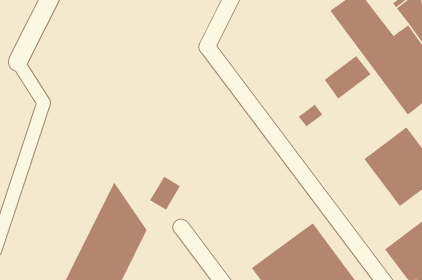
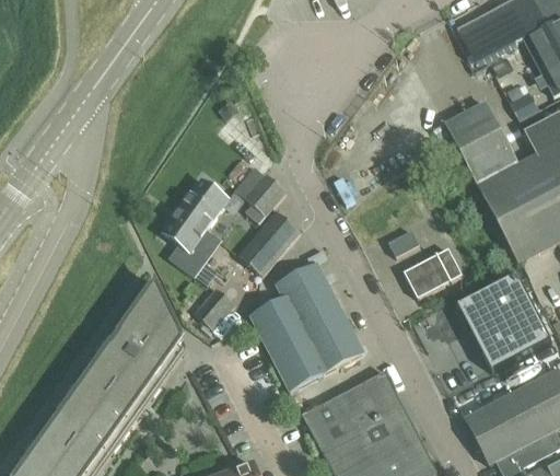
building: [324,55,371,100] -> [404,247,462,297]
building: none -> [244,172,285,221]
building: none -> [162,177,229,275]
building: none -> [238,210,300,274]
building: none -> [248,260,363,390]

